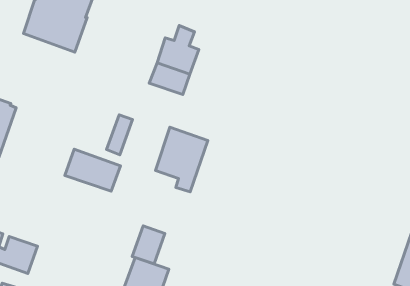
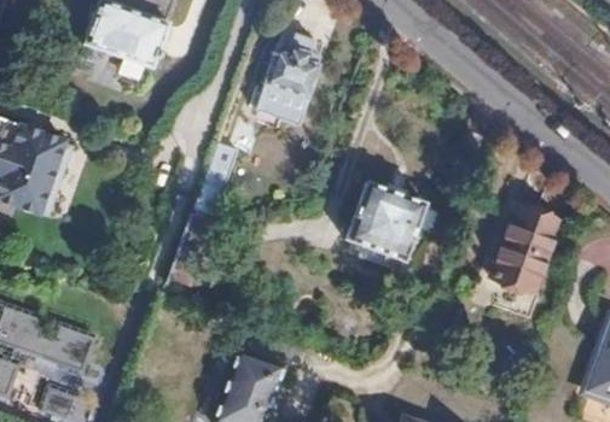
building: [156,127,208,192] -> [348,186,419,274]
building: [65,149,121,191] -> none
building: none -> [489,206,558,292]
building: [132,226,165,264] -> none

